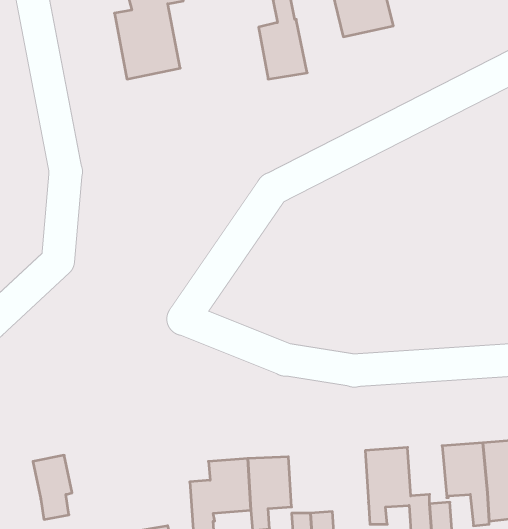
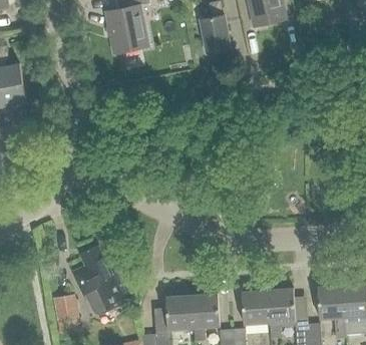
building: none -> [73,245,130,314]
building: none -> [242,291,269,326]

